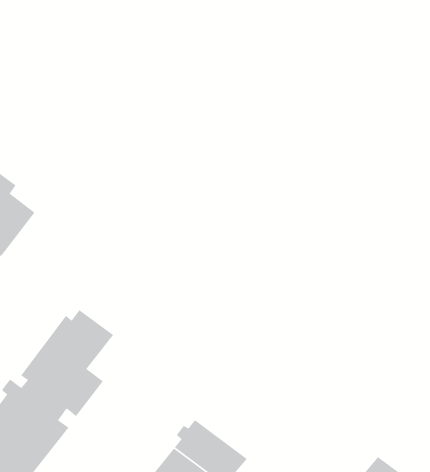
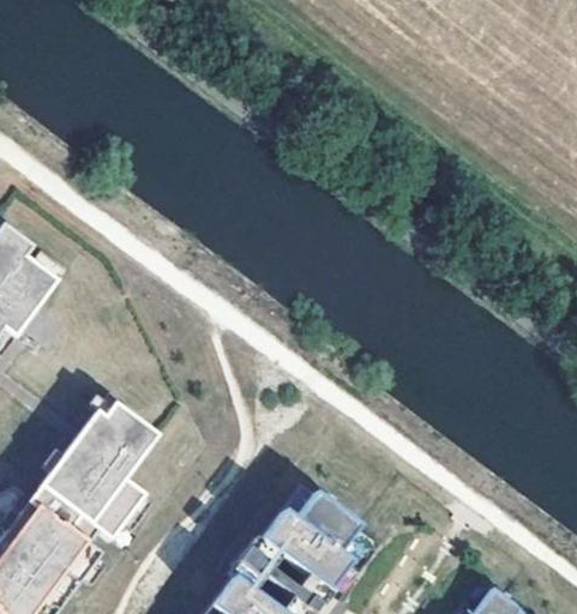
building: none -> [258,494,356,594]

